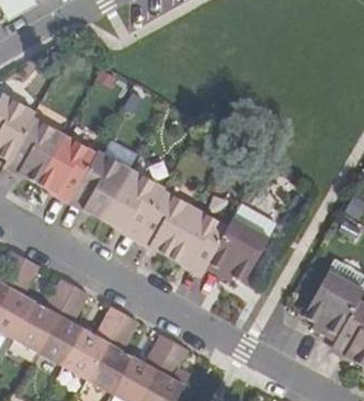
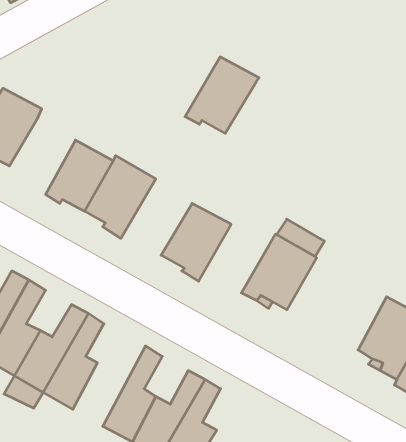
building: [7,120,65,185] -> none
building: [103,171,166,236] -> [185,57,259,133]
building: [169,210,228,272] -> none
building: [62,305,124,381] -> none

